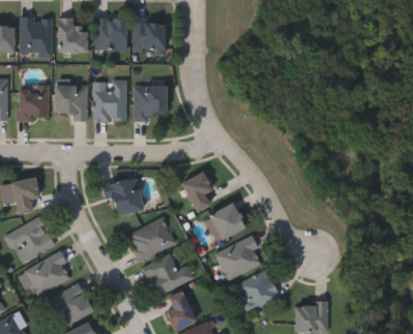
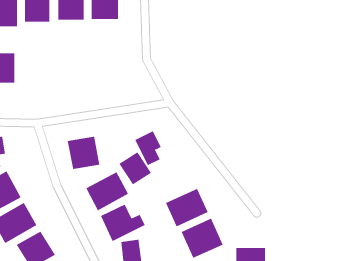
building: [93,81,126,120] -> none
building: [53,85,87,120] -> none
building: [132,85,166,121] -> none
building: [208,203,245,240] -> [118,152,152,185]

